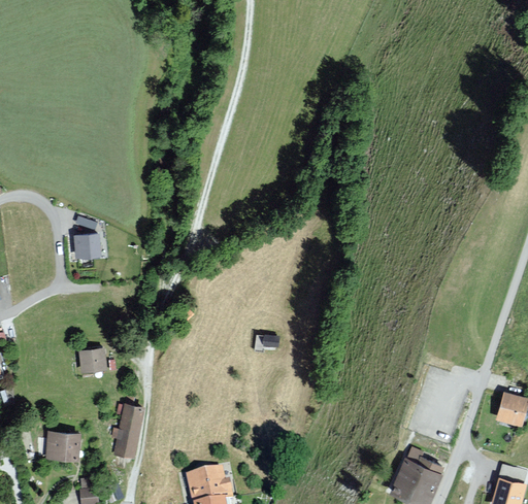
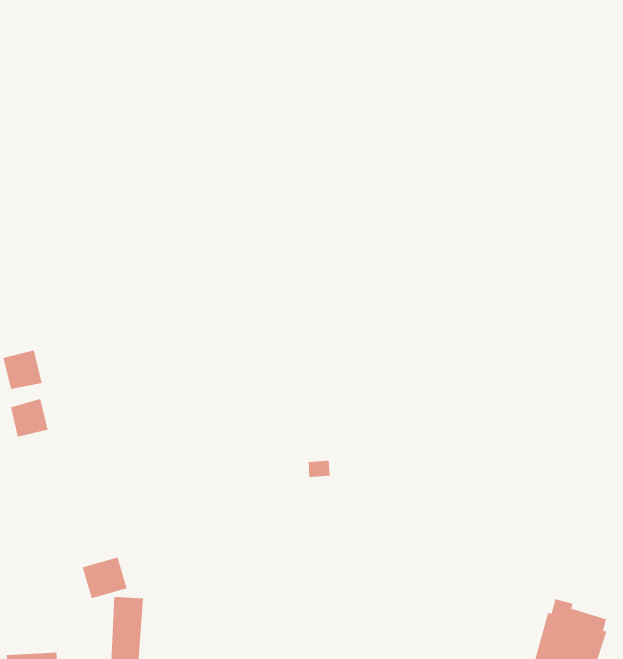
building: none -> [10,398,48,437]
building: [78,347,106,372] -> [82,557,128,599]

